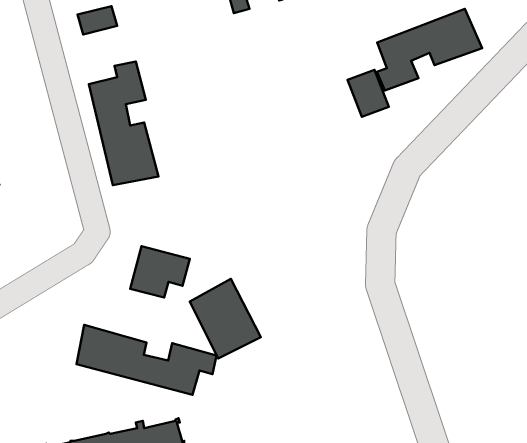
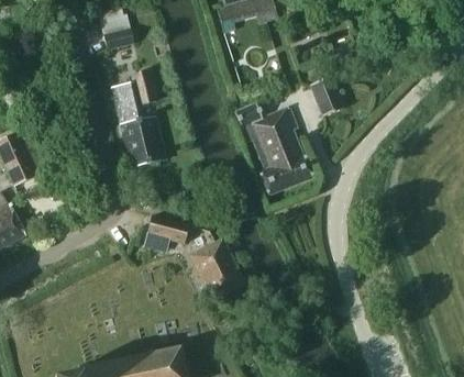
building: [377,9,482,90] -> none
building: none -> [235,102,311,195]
building: [77,325,216,395] -> none

